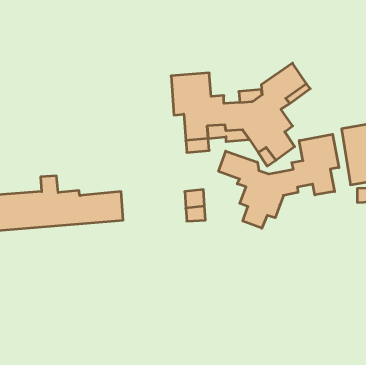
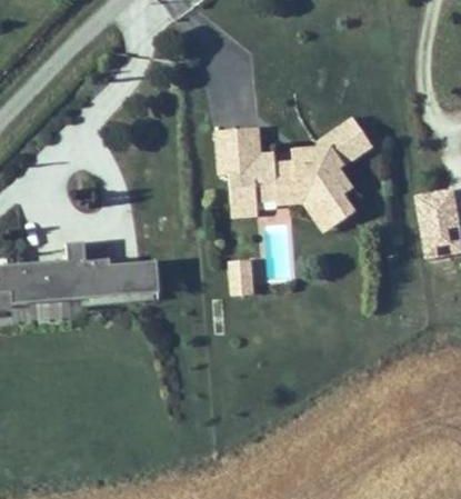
building: [219,134,339,228] -> none

